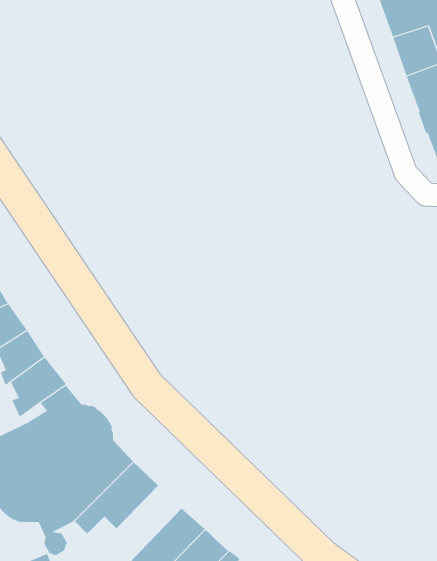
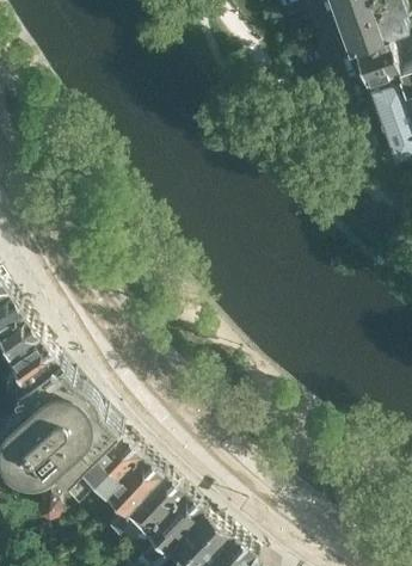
building: none -> [107,460,166,519]

